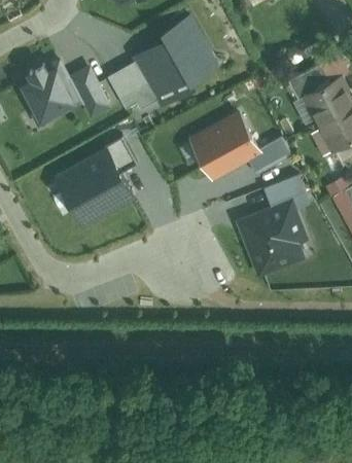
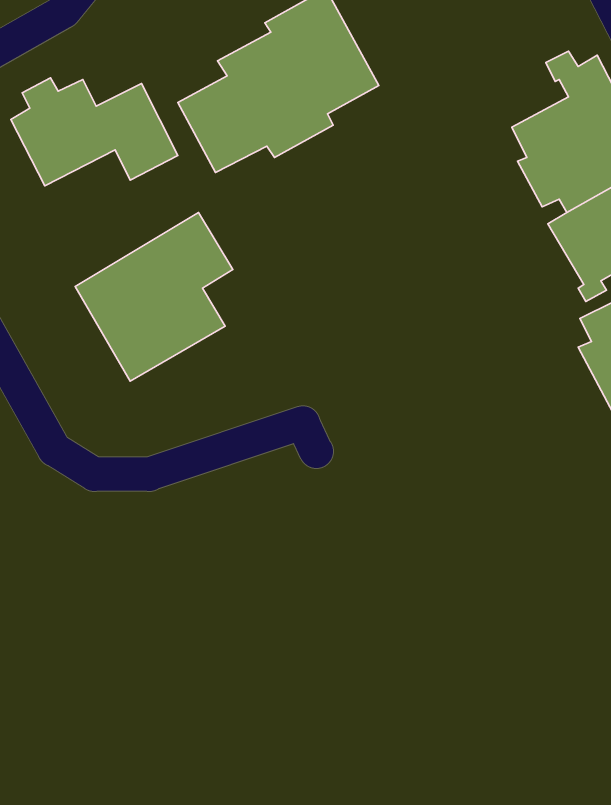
building: [188,108,291,178] -> none
building: [237,173,311,275] -> none

